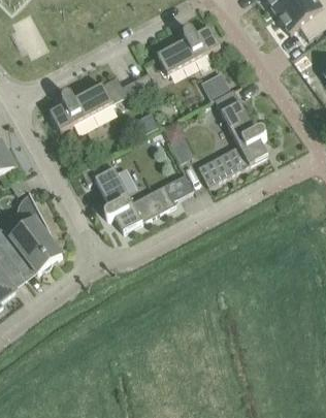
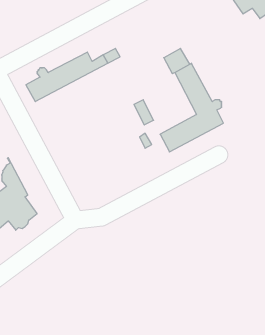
building: [157,26,221,73] -> none
building: [95,168,176,231] -> none

